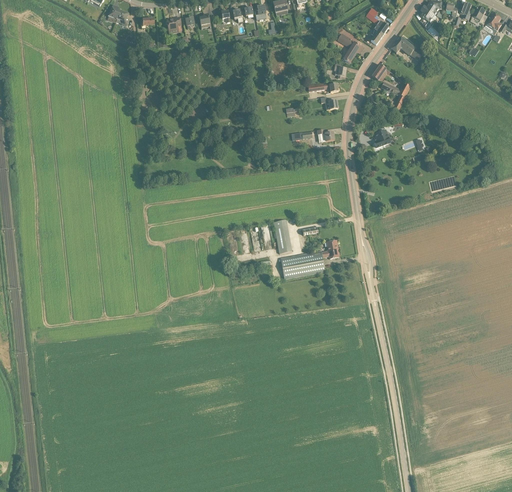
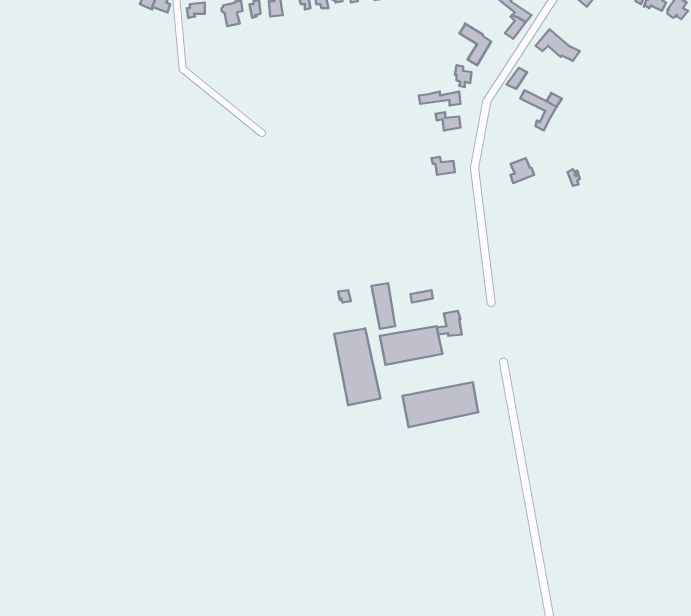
building: none -> [334,328,380,405]
building: none -> [402,382,478,427]

